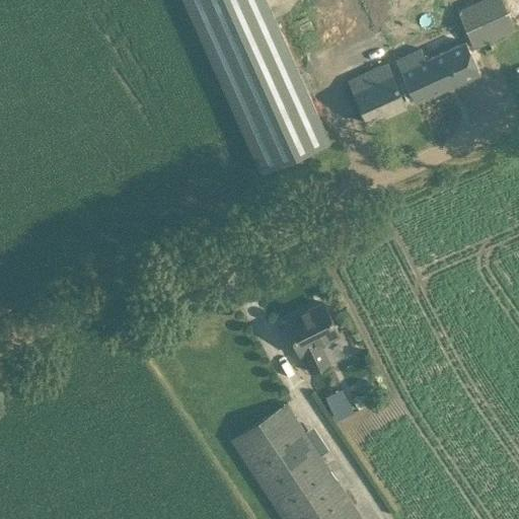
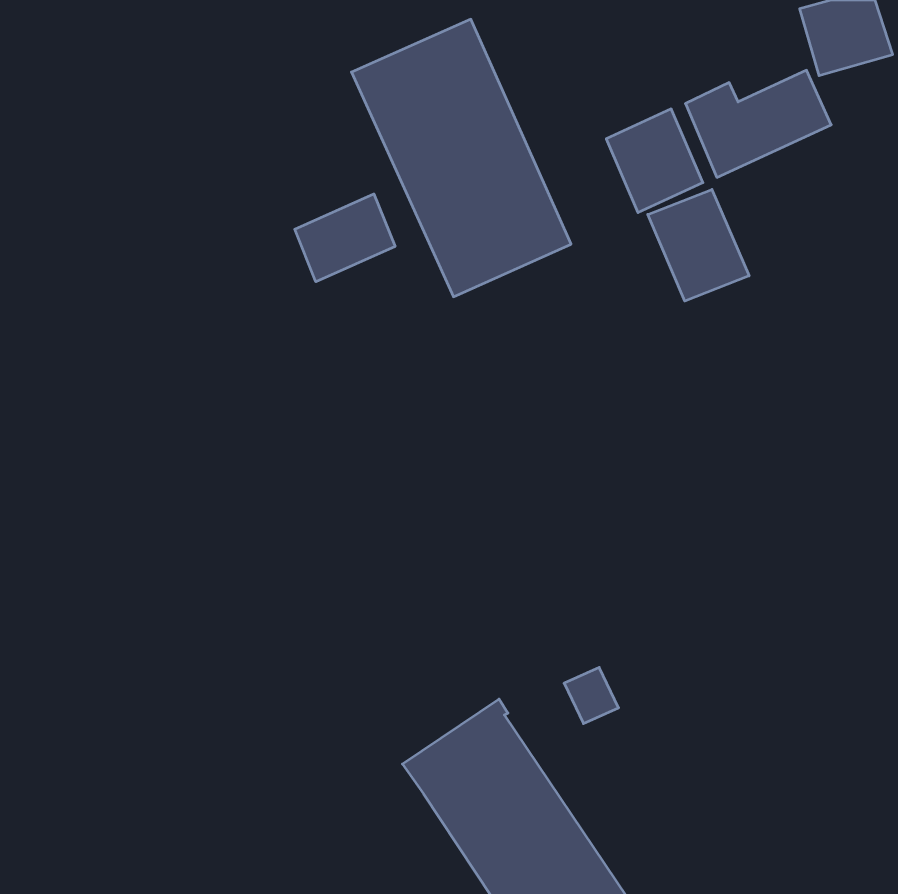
building: none -> [648,189,749,301]
building: none -> [295,194,395,282]
building: [284,304,339,373] -> none

